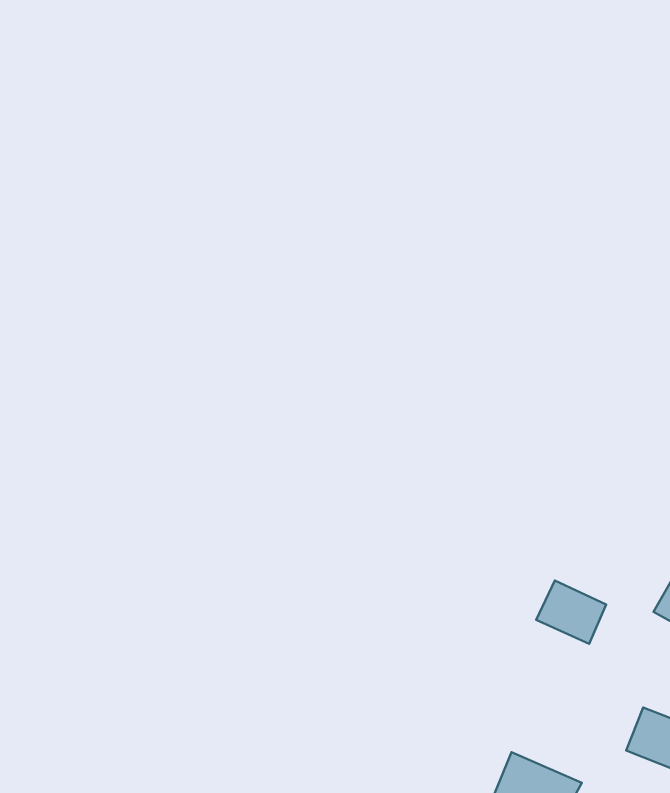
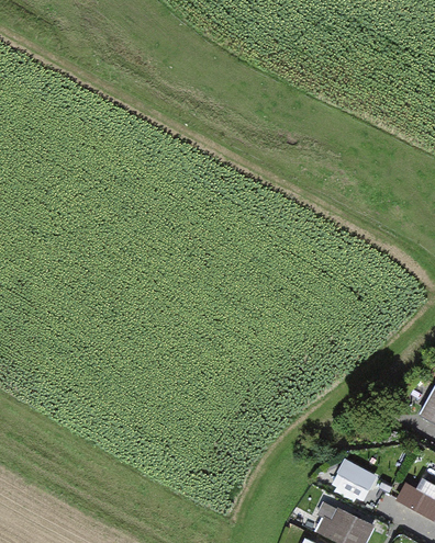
building: [536,581,606,644] -> [332,460,377,500]

